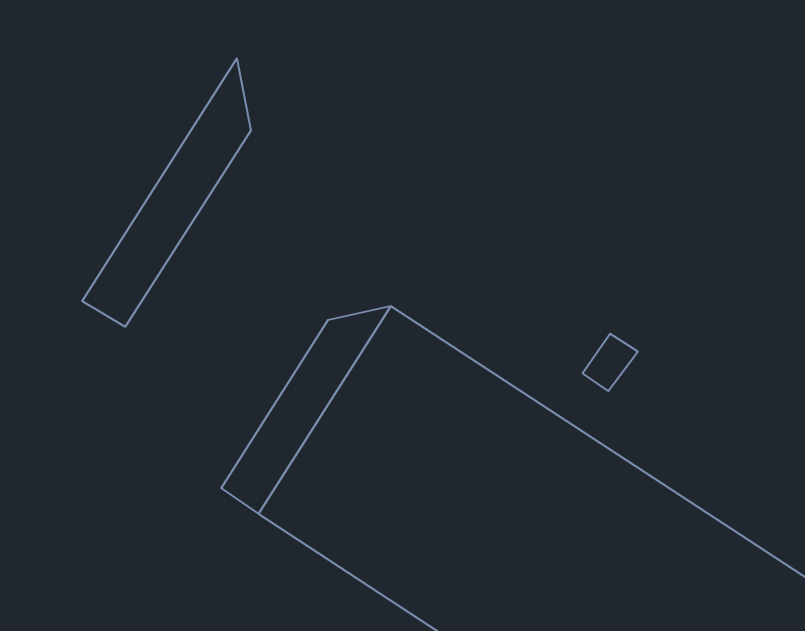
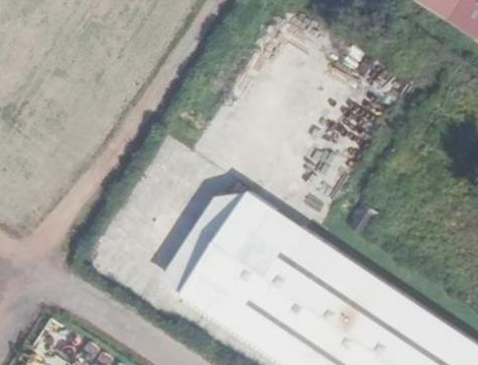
building: [82,58,251,327] -> none

